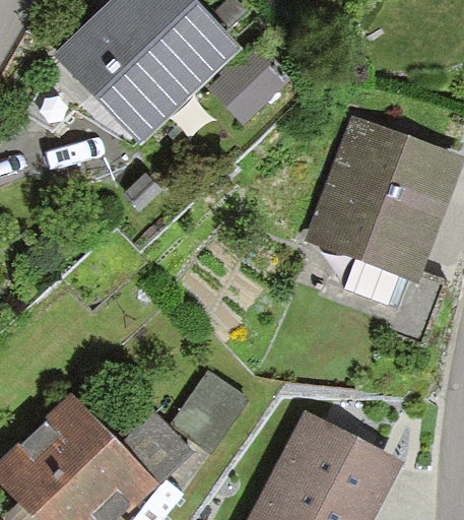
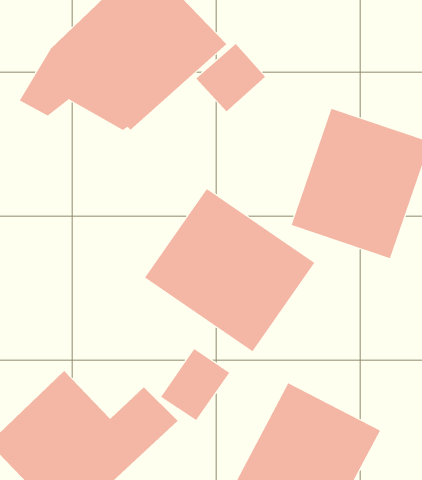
building: none -> [144,188,315,352]

